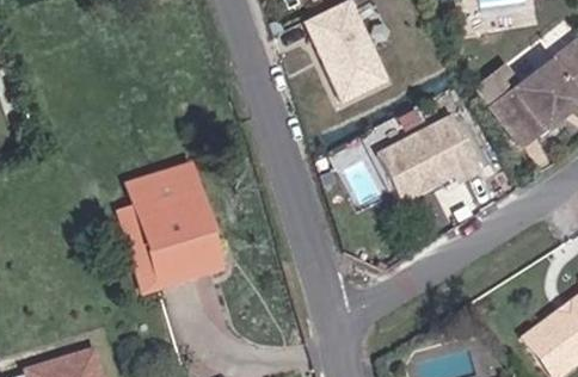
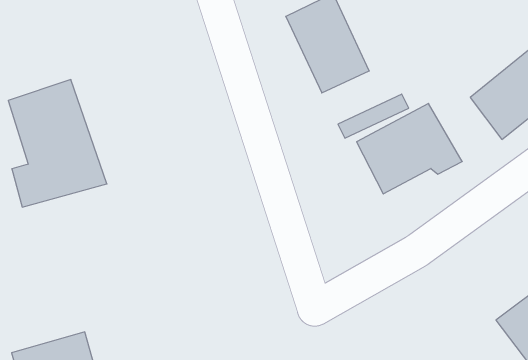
building: [125,162,227,293] -> [8,80,107,207]

